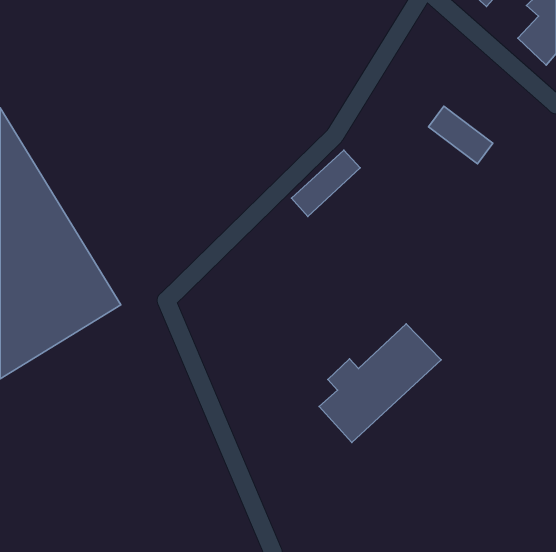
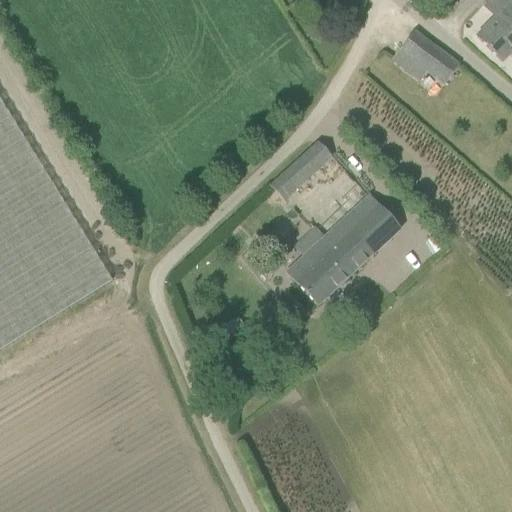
building: [429,106,493,164] -> [399,29,458,82]
building: [319,324,441,443] -> [287,195,399,304]

